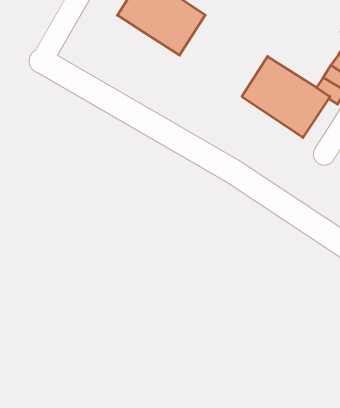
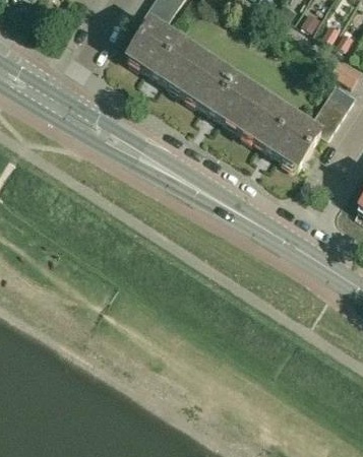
building: none -> [185,56,265,130]

